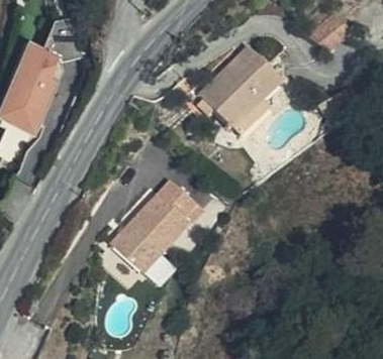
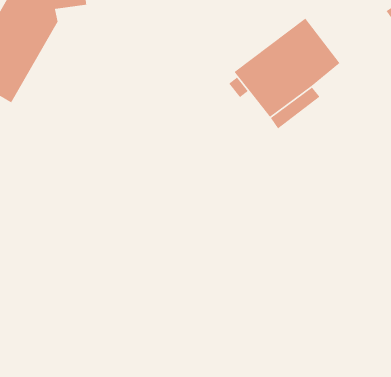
building: [113,188,192,267] -> none

